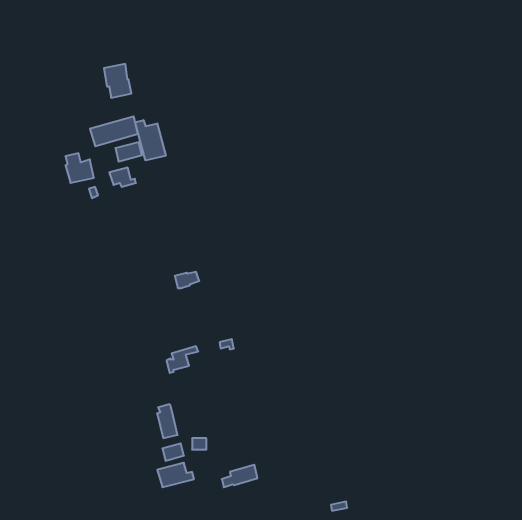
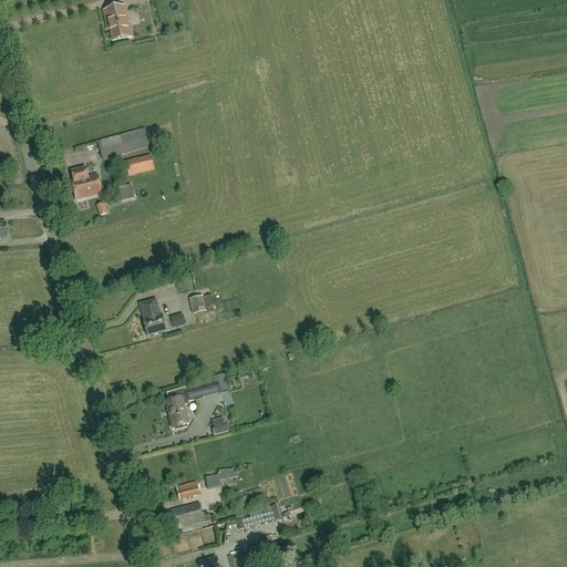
building: [104,64,131,98] -> [103,4,133,41]
building: [135,120,166,160] -> none
building: none -> [141,299,167,334]
building: [157,404,178,438] -> [166,390,188,426]

